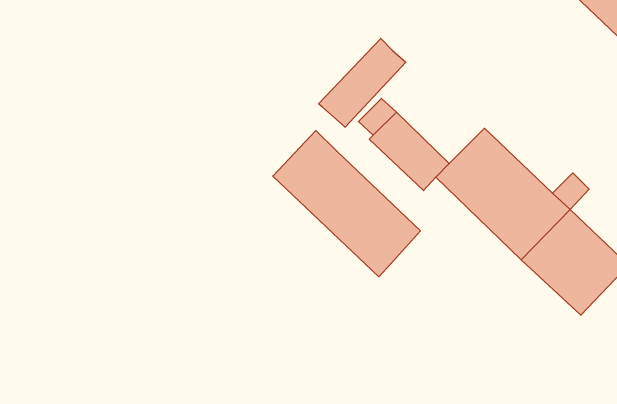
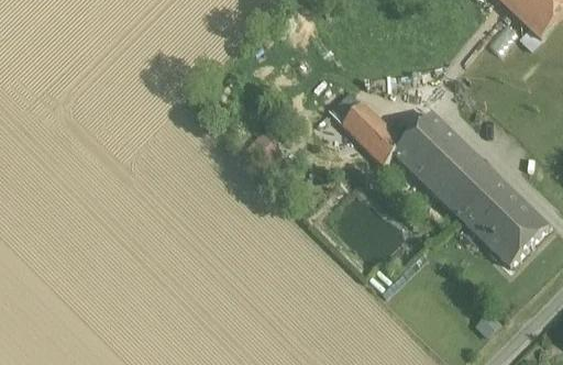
building: [319,38,406,127] -> none
building: [273,131,420,277] -> none

